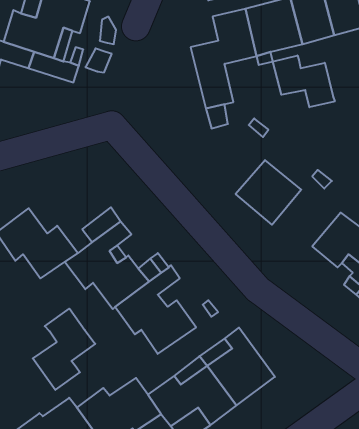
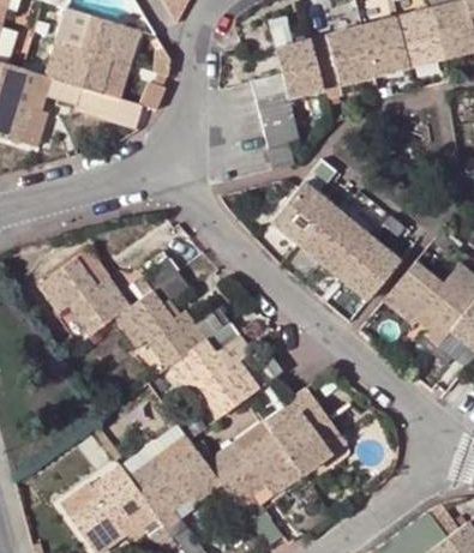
building: [273,55,335,107] -> none
building: none -> [272,181,334,242]
building: none -> [341,238,400,297]
building: [33,309,95,390] -> none

